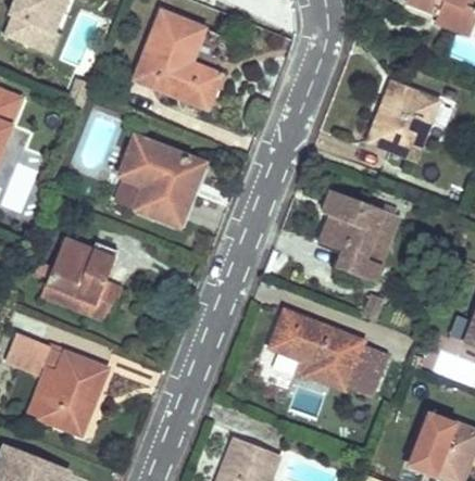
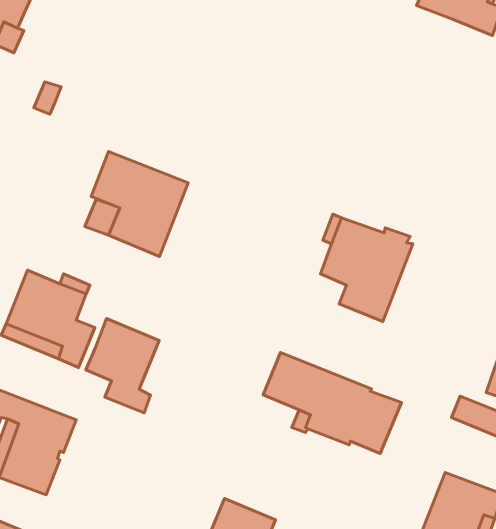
building: [134,10,220,107] -> none
building: [366,81,437,160] -> none
building: none -> [86,319,159,413]

